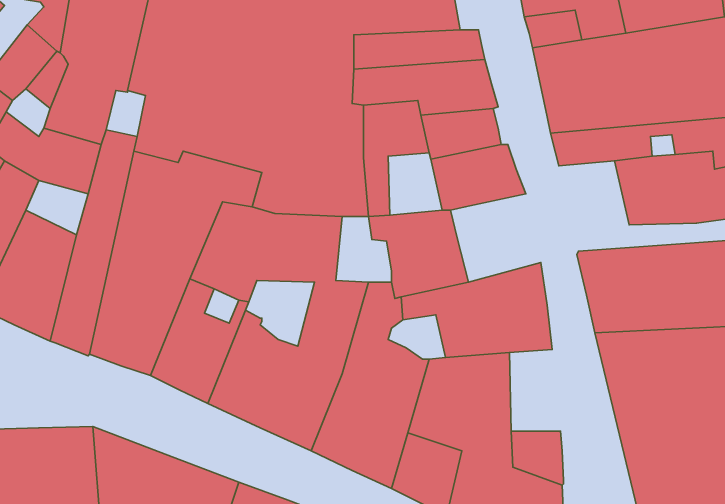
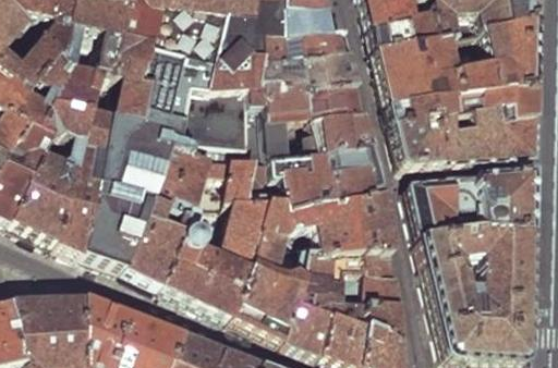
building: none -> [395,121,441,164]
building: none -> [327,143,383,201]
building: none -> [362,246,396,300]

